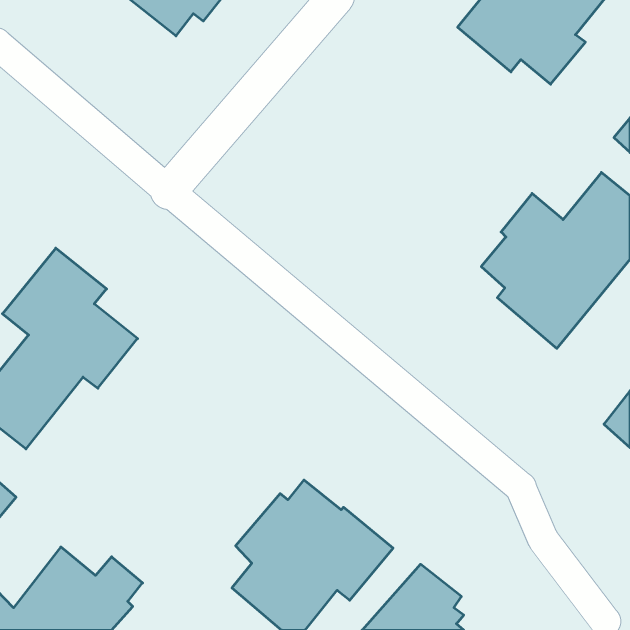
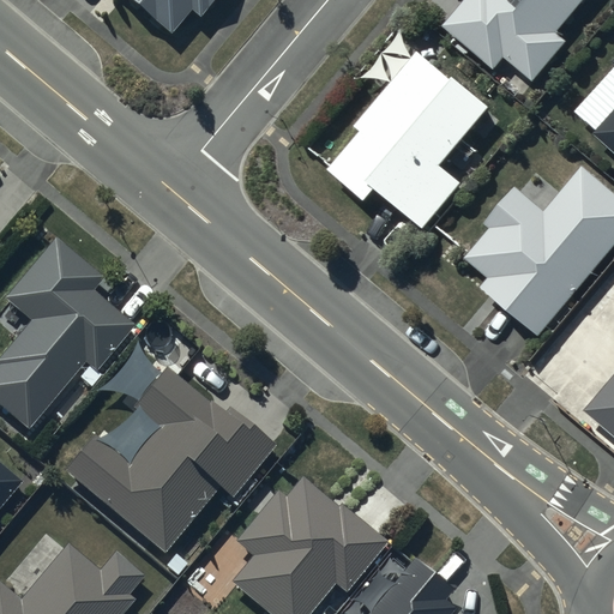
building: none -> [329,53,492,230]
building: none -> [62,369,271,555]

